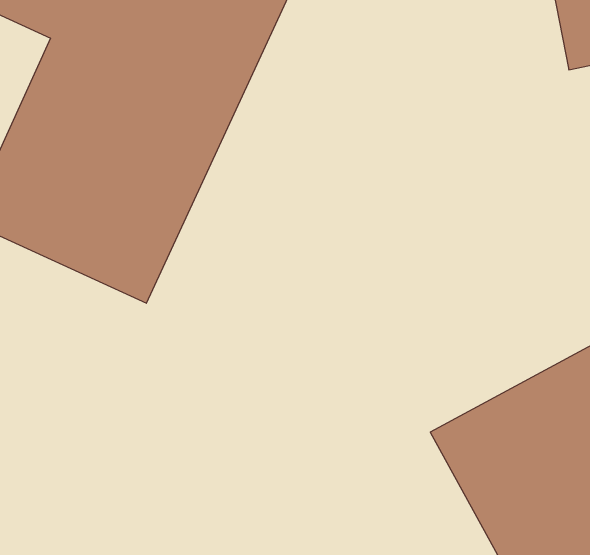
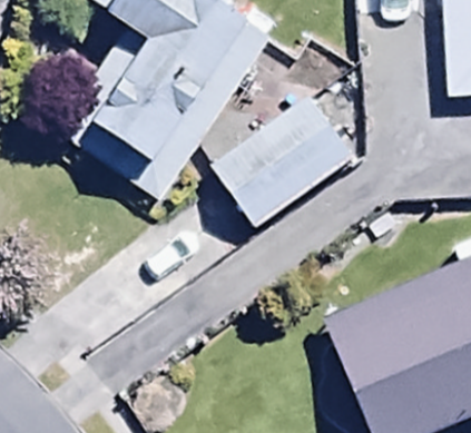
building: none -> [212,94,355,226]

